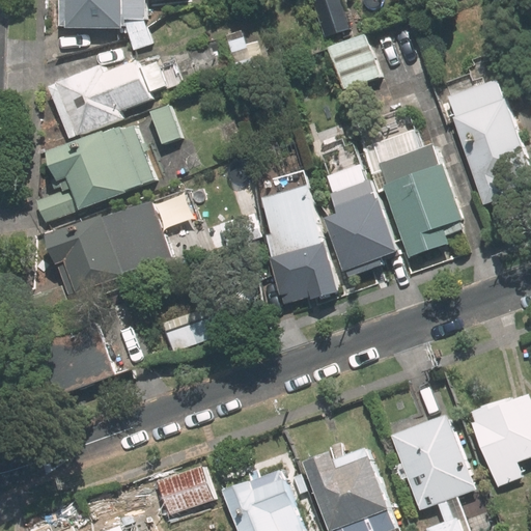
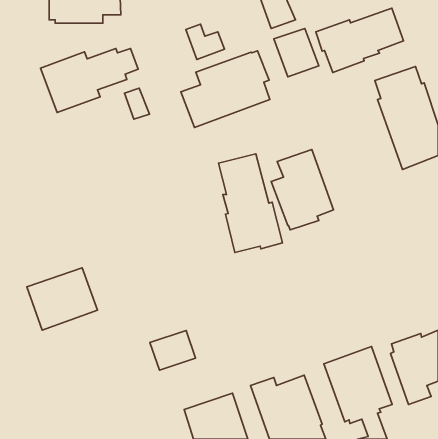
building: none -> [316,8,404,73]
building: none -> [181,51,270,128]
building: [36,123,157,221] -> none
building: [375,141,469,255] -> none
building: [49,202,176,298] -> none
building: [156,465,211,512] -> [150,330,196,370]

